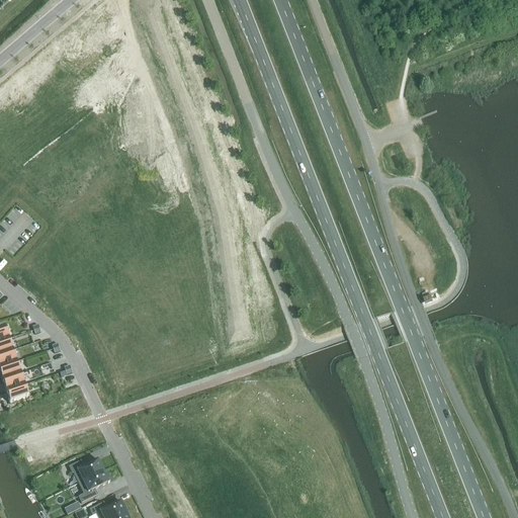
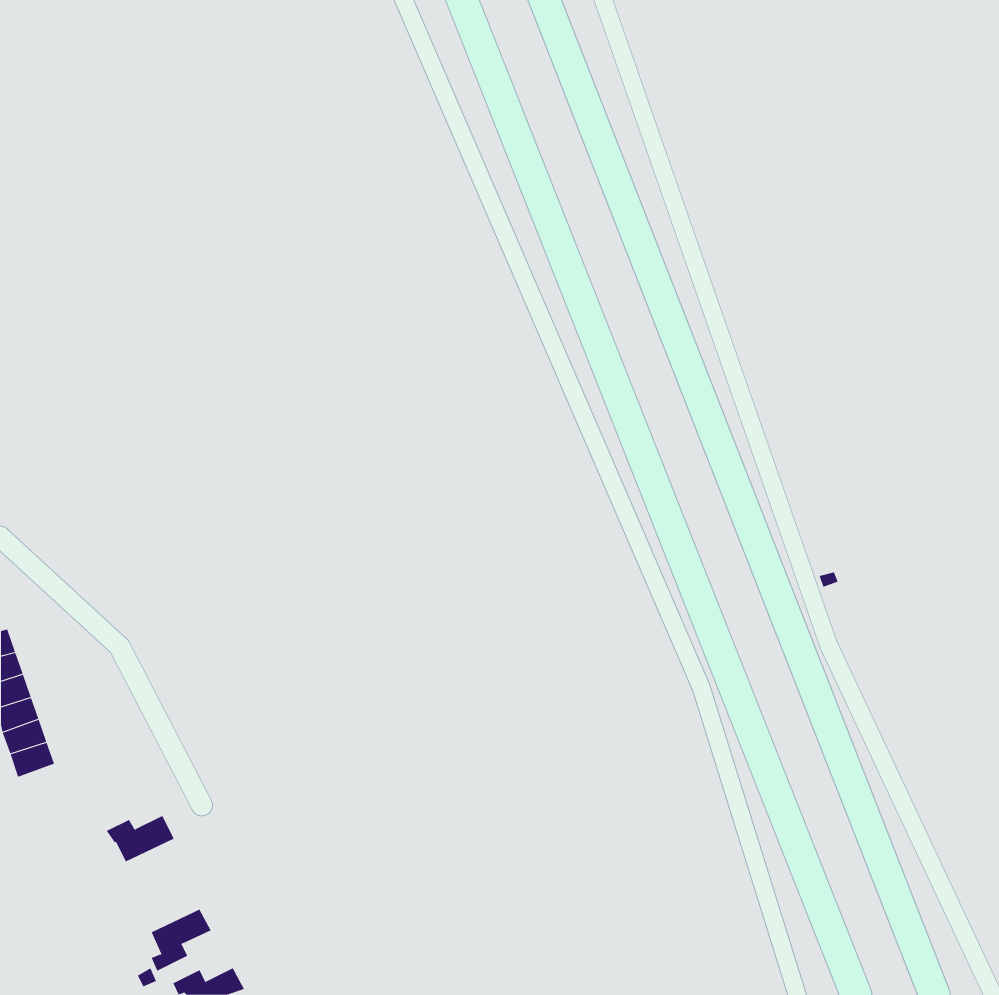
building: [69,457,104,482] -> [106,815,174,862]

